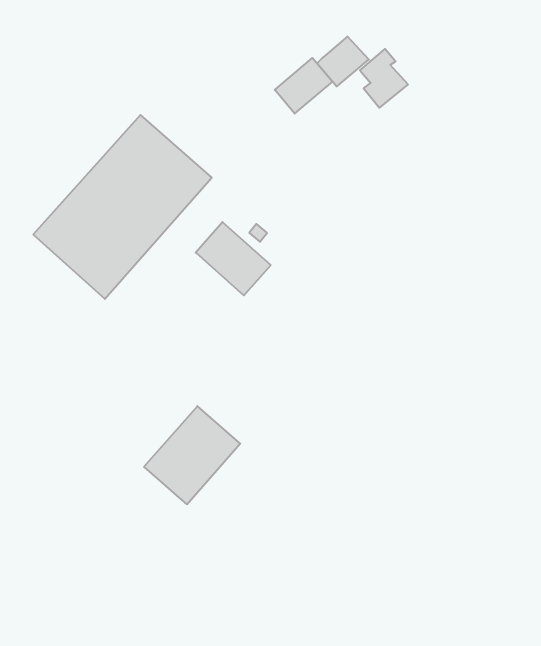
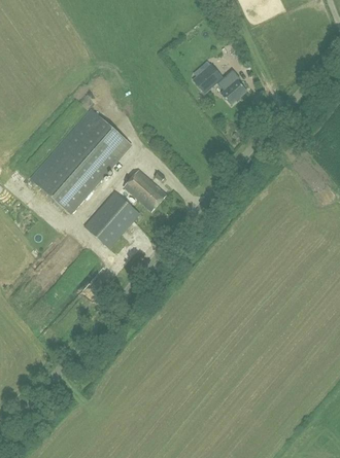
building: [275,58,332,114] -> none
building: [144,406,240,504] -> [84,191,140,248]

